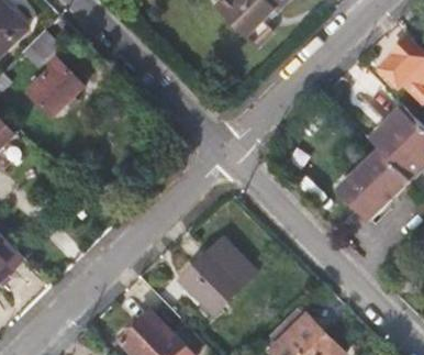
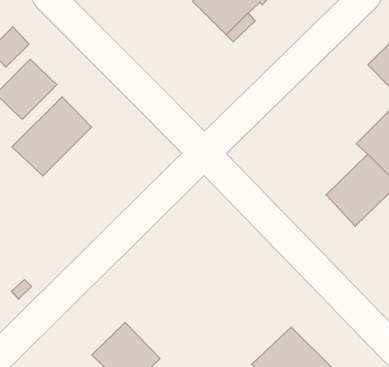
building: none -> [12,97,92,176]
building: [179,237,257,313] -> none

